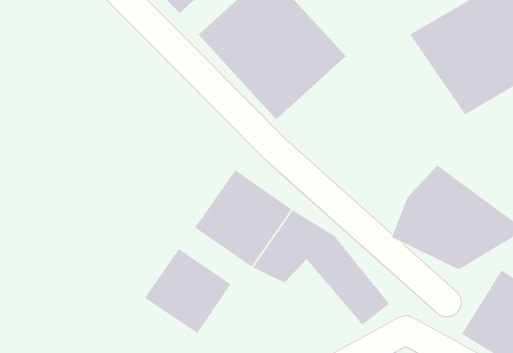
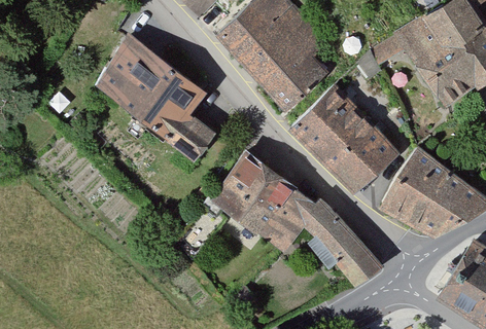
building: none -> [93,34,216,160]
building: none -> [289,85,398,192]
building: [144,248,231,334] -> none

